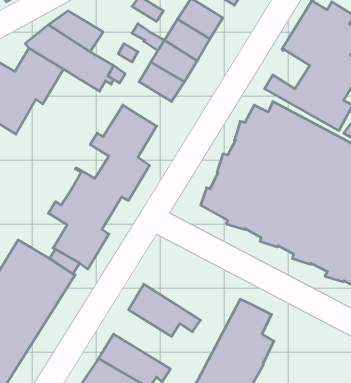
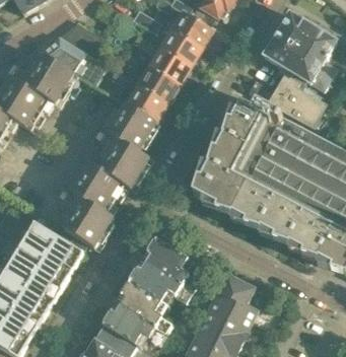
building: none -> [124,84,166,123]
building: none -> [142,239,199,292]
building: none -> [116,283,171,335]

